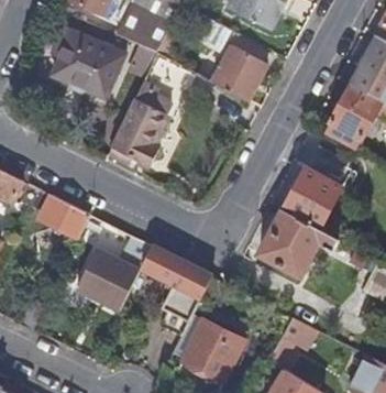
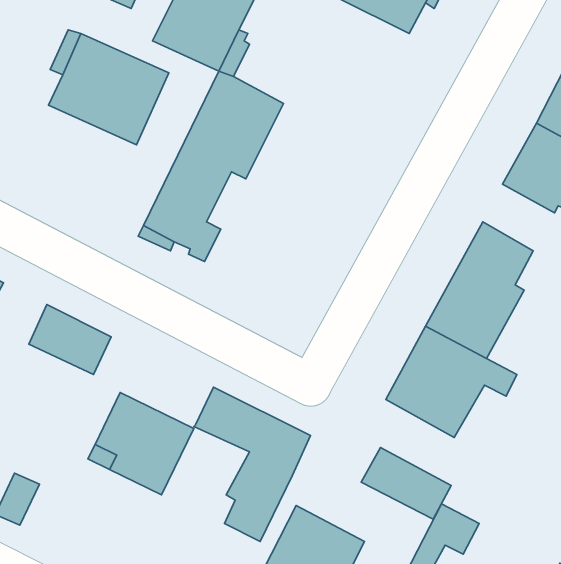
building: [201,43,266,99] -> none
building: none -> [361,448,451,519]

